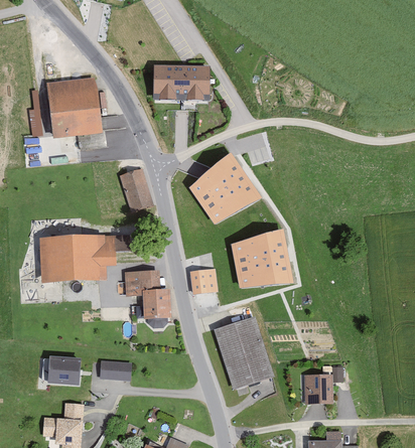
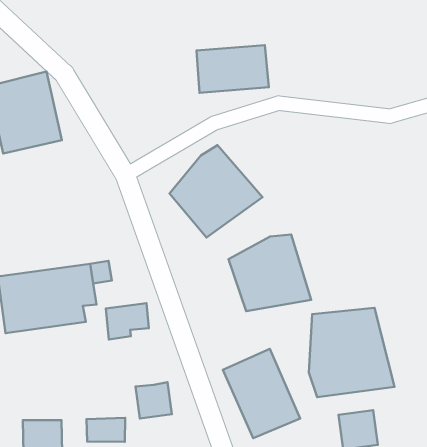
building: [151,68,208,104] -> [197,45,269,93]
building: [119,168,150,211] -> none
building: [191,268,217,293] -> none
building: [143,289,170,316] -> [135,382,172,419]
building: none -> [309,308,394,397]

